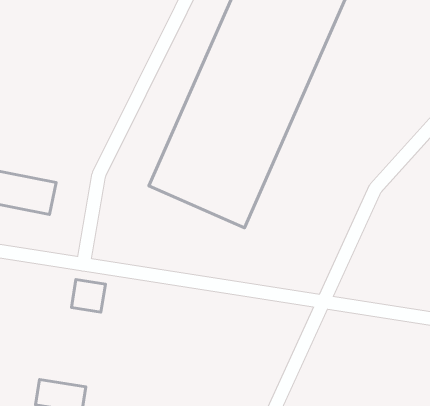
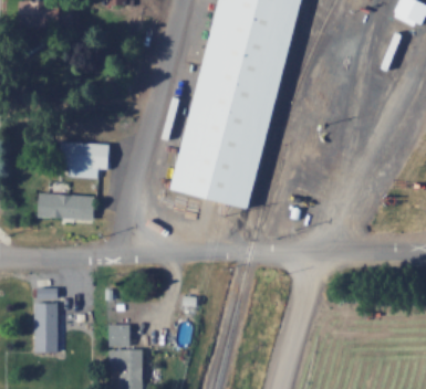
building: none -> [59,143,111,179]
building: [72,280,105,312] -> [107,325,131,347]

